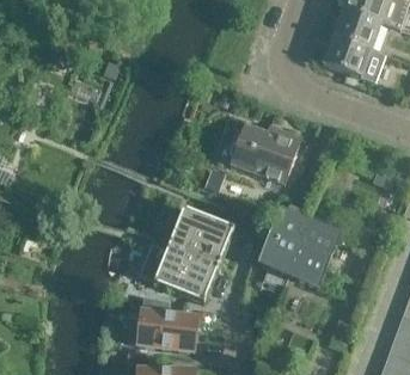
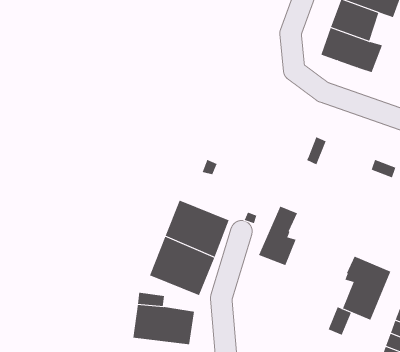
building: [232,123,302,182] -> none
building: [289,220,338,284] -> [342,256,391,321]

